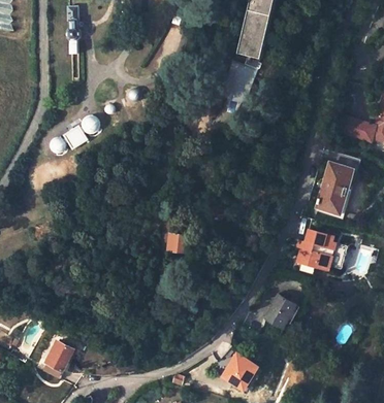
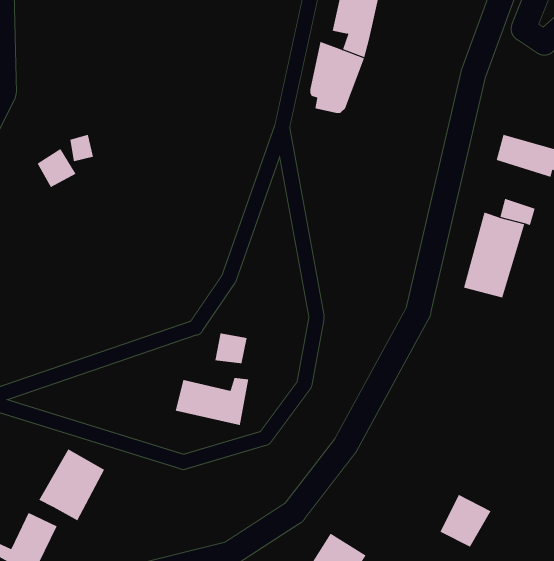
building: [293,228,344,269] -> none
building: none -> [175,377,249,426]
building: [264,295,295,327] -> [440,494,491,548]
building: none -> [38,448,105,521]

